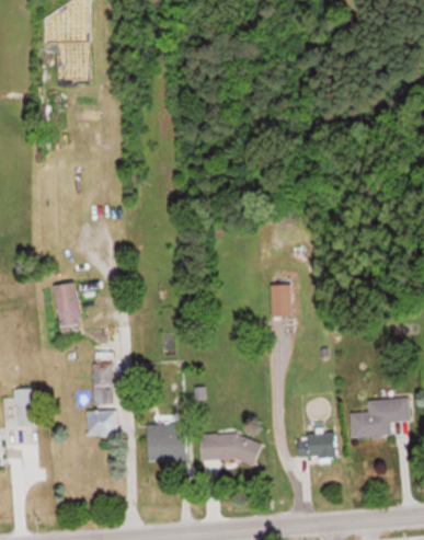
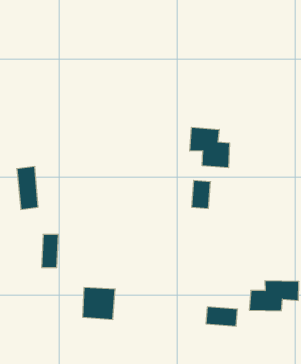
building: none -> [190,127,230,168]
building: [87,410,116,435] -> none
building: [199,435,259,461] -> none

